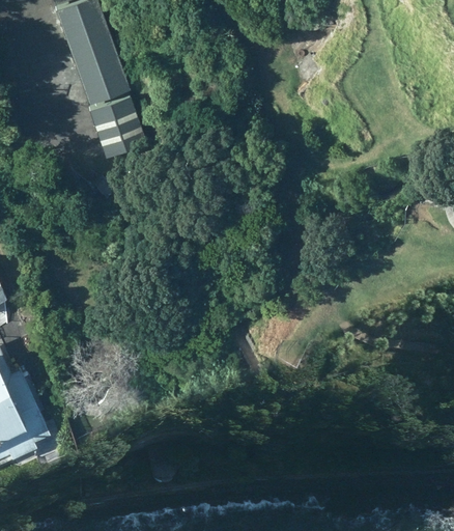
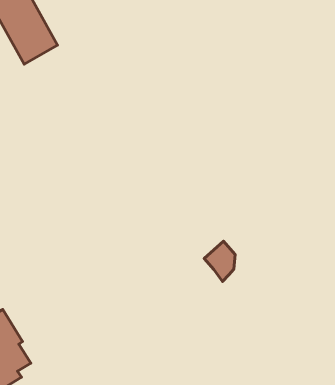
building: [90,100,147,157] -> none

